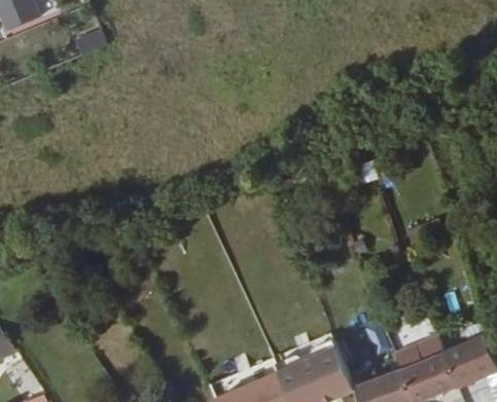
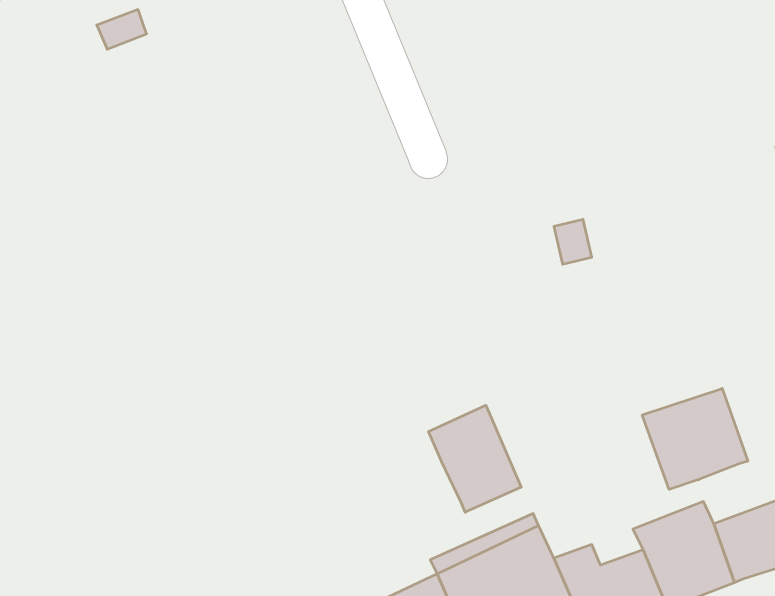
building: none -> [642,388,748,489]
building: none -> [429,405,521,512]

